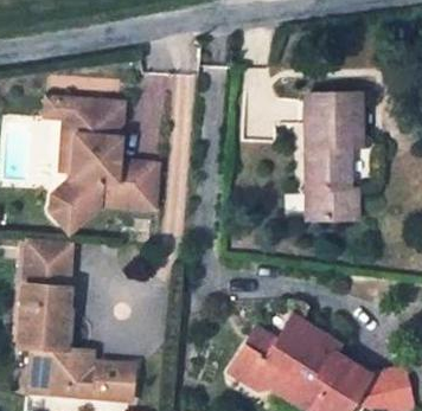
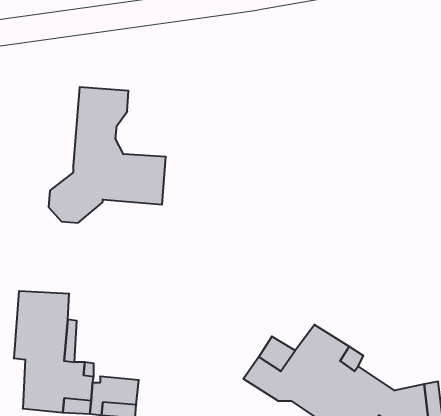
building: [305,94,360,219] -> none
building: [46,96,78,171] -> none
building: [23,236,72,288] -> none

